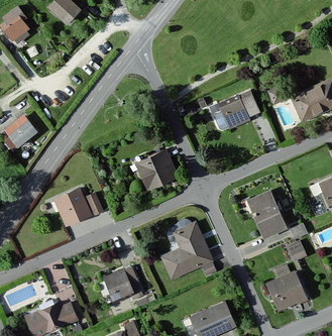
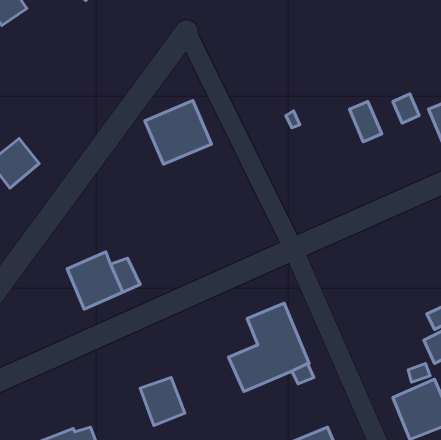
building: [219,96,248,127] -> none
building: [135,150,179,192] -> [145,101,212,164]
building: [247,191,285,236] -> none

